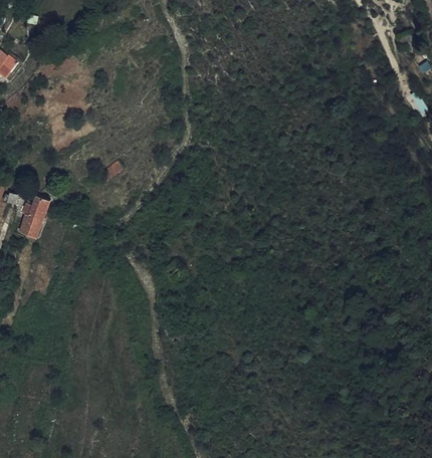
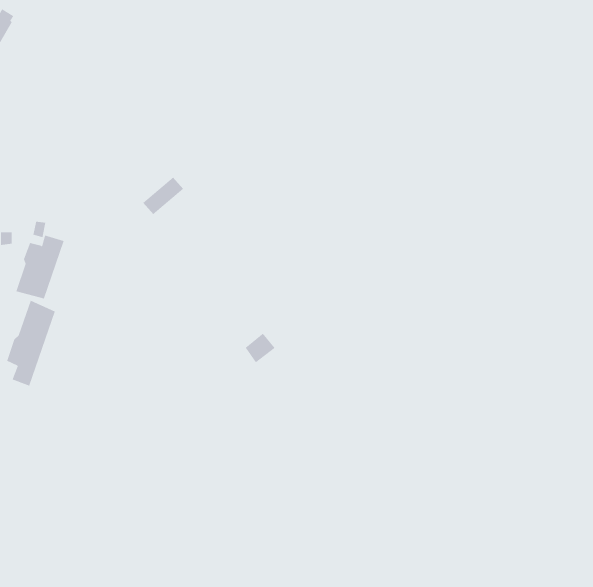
building: none -> [7,300,55,387]

